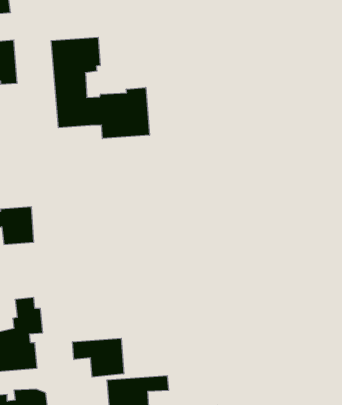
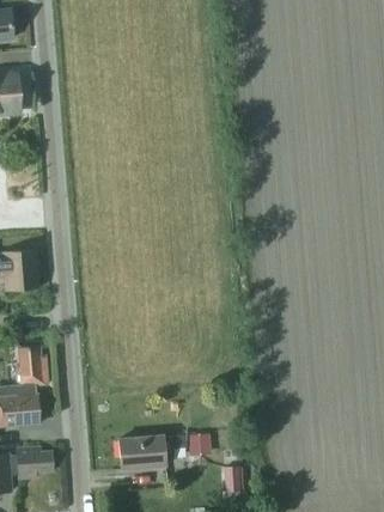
building: [51,37,149,139] -> none
building: [73,338,124,377] -> none

